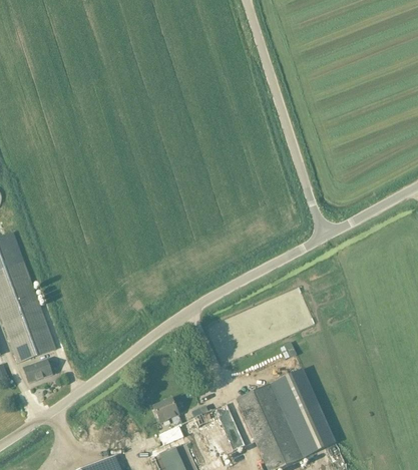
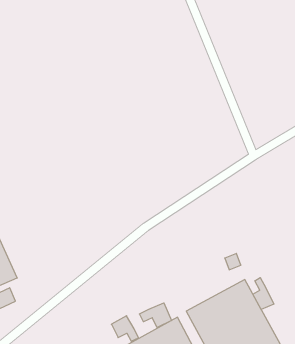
building: none -> [253,278,274,310]
building: none -> [139,303,171,328]

